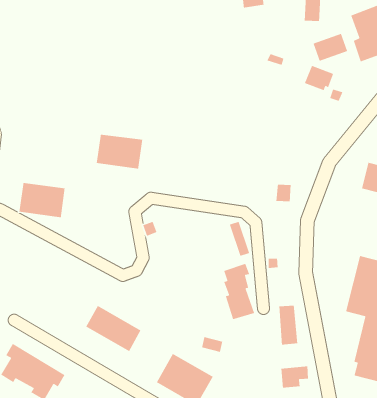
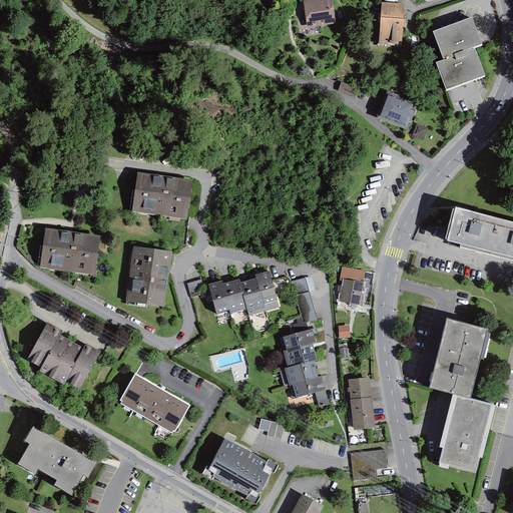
building: [313,33,348,62] -> none
building: [275,184,291,202] -> [342,279,361,301]
building: none -> [126,250,168,307]
building: none -> [208,270,275,311]
building: none -> [28,322,99,386]

